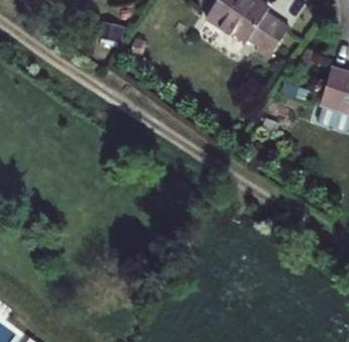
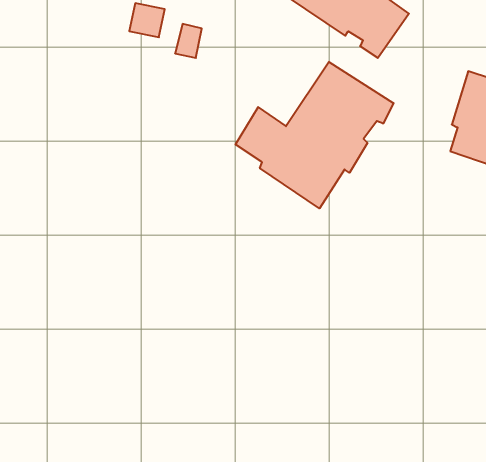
building: none -> [235,62,394,208]

